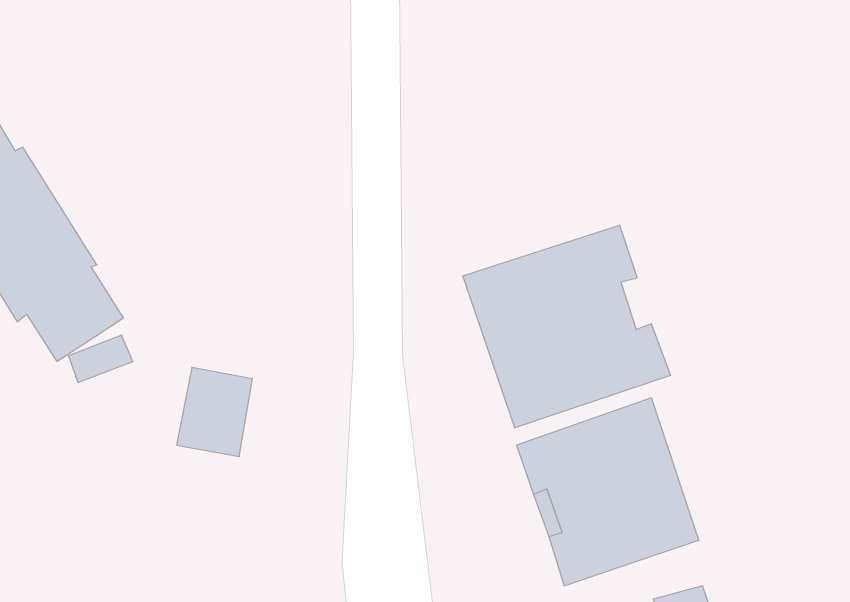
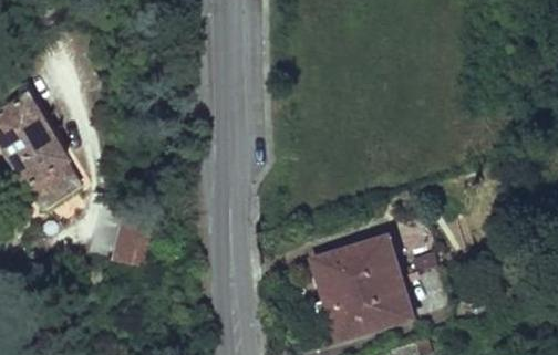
building: [463,225,670,428] -> none

